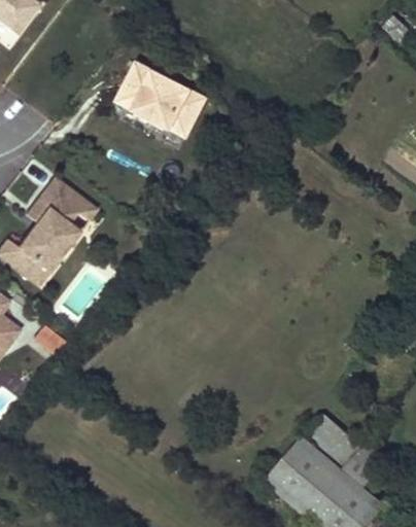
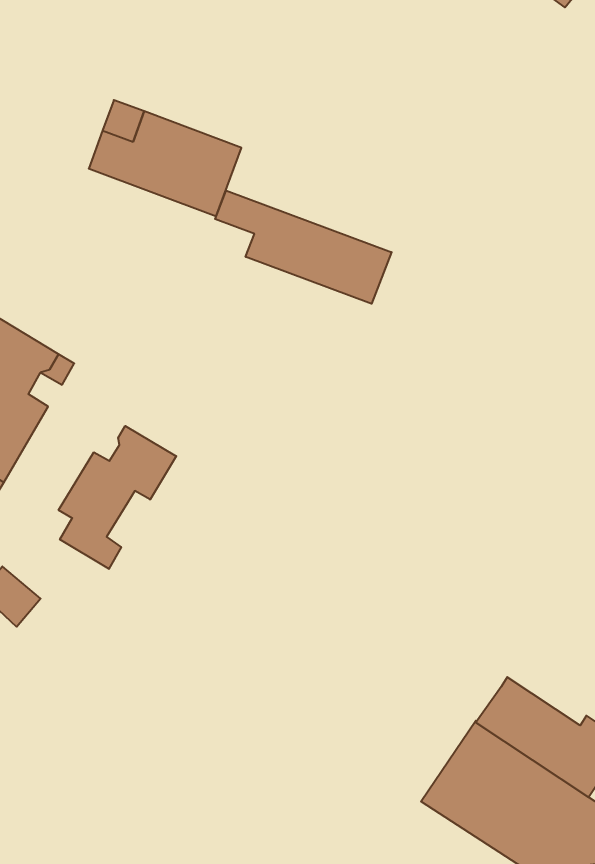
building: none -> [215,190,392,304]
building: none -> [59,426,176,569]

